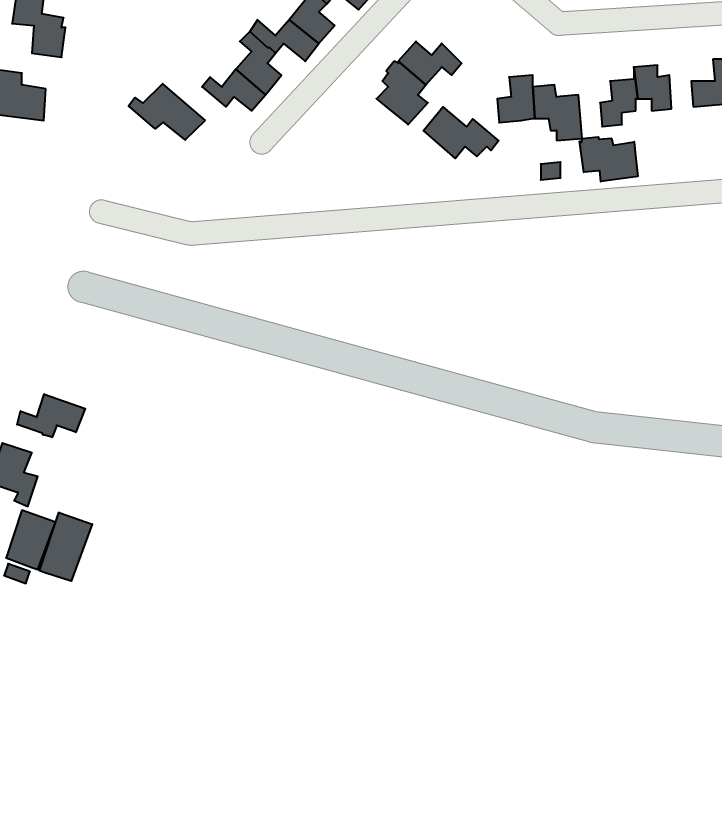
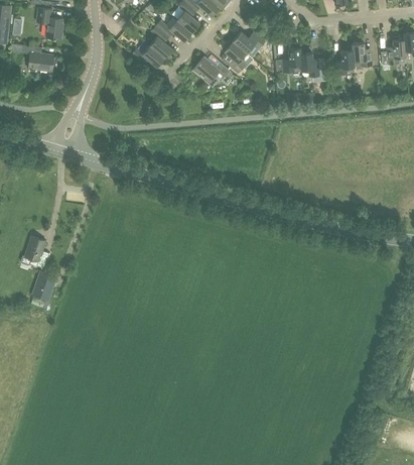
building: [129,84,205,140] -> none
building: [423,107,499,158] -> [193,55,232,82]
building: [579,137,638,182] -> none
building: [17,394,85,437] -> none
building: [39,512,92,581] -> none

